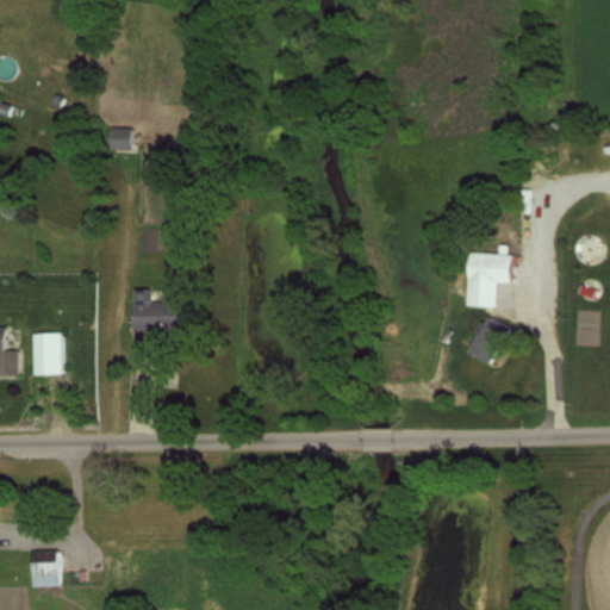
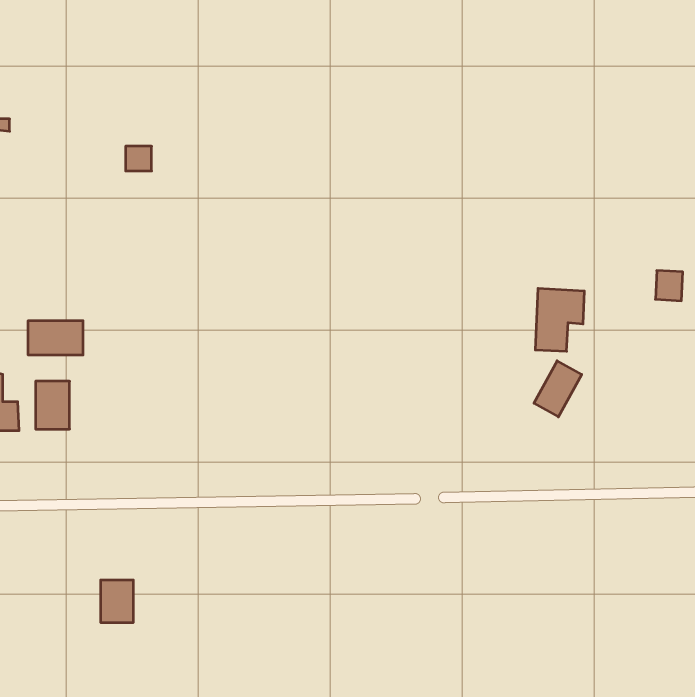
building: none -> [28,321,83,355]
building: [132,290,185,330] -> none
building: [29,550,57,587] -> [101,580,133,622]

